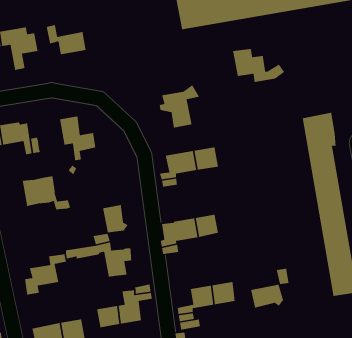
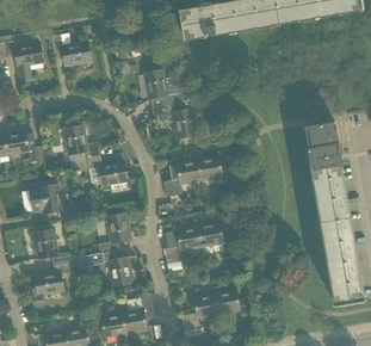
building: [232,48,285,83] -> [143,69,196,104]
building: none -> [79,156,126,185]
building: none -> [33,229,69,264]
building: [250,268,290,308] -> none

